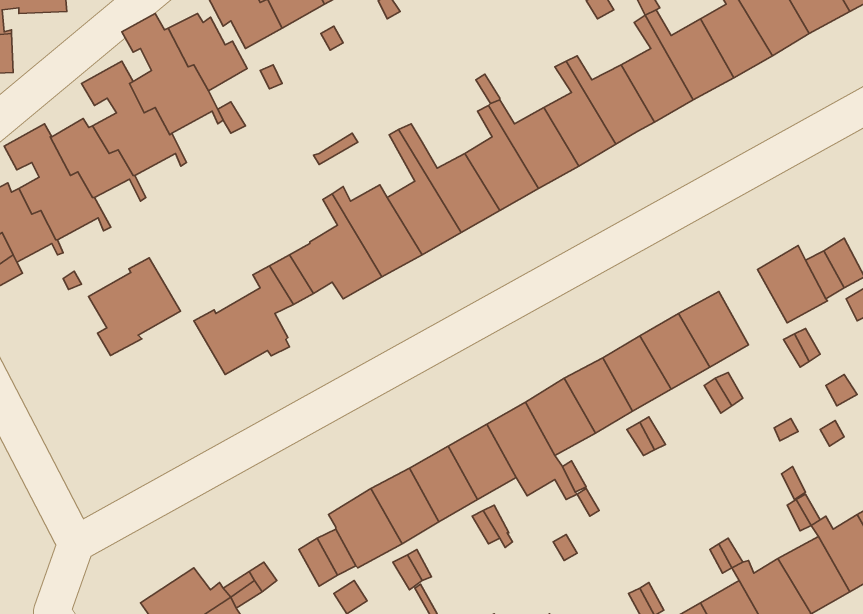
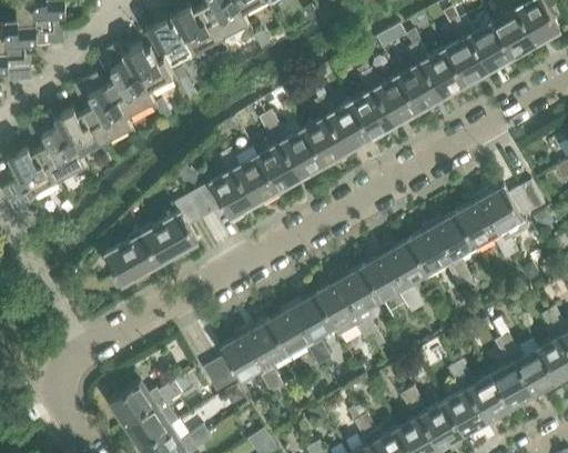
building: [88,258,181,355] -> [103,232,159,291]
building: none -> [456,201,497,246]

